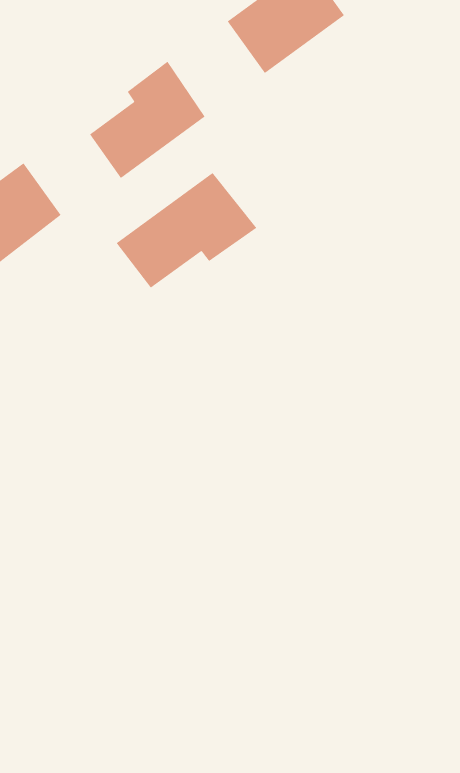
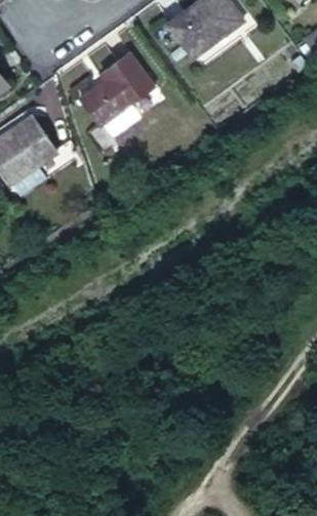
building: [116,172,257,289] -> none

